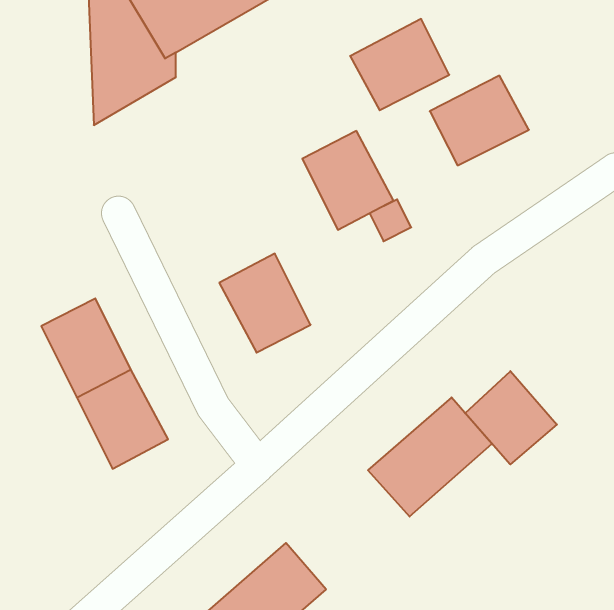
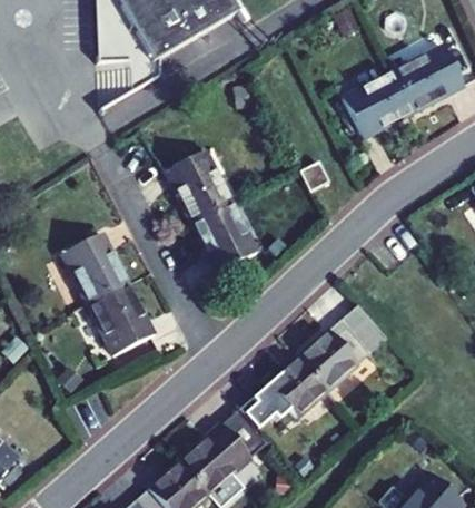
building: [350,19,449,110] -> [392,46,463,111]
building: [302,131,394,230] -> [165,150,230,222]
building: [465,371,557,464] -> none
building: none -> [255,356,327,428]

